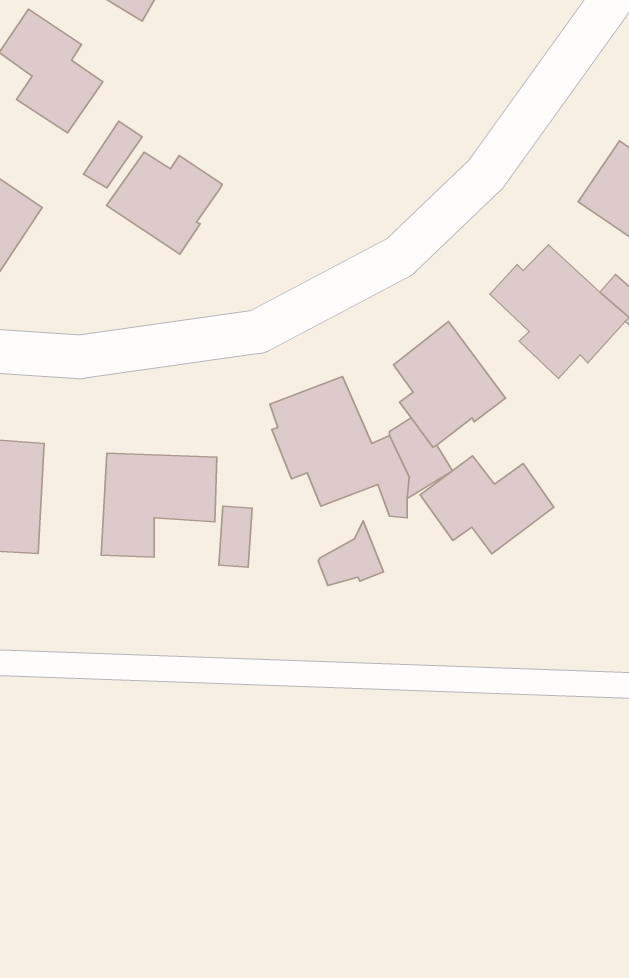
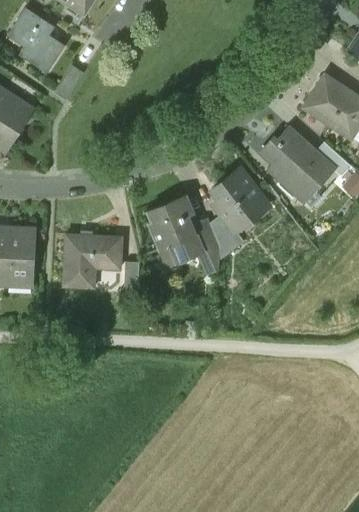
building: [107,152,222,254] -> none
building: [420,456,554,554] -> none
building: [318,521,384,586] -> none

